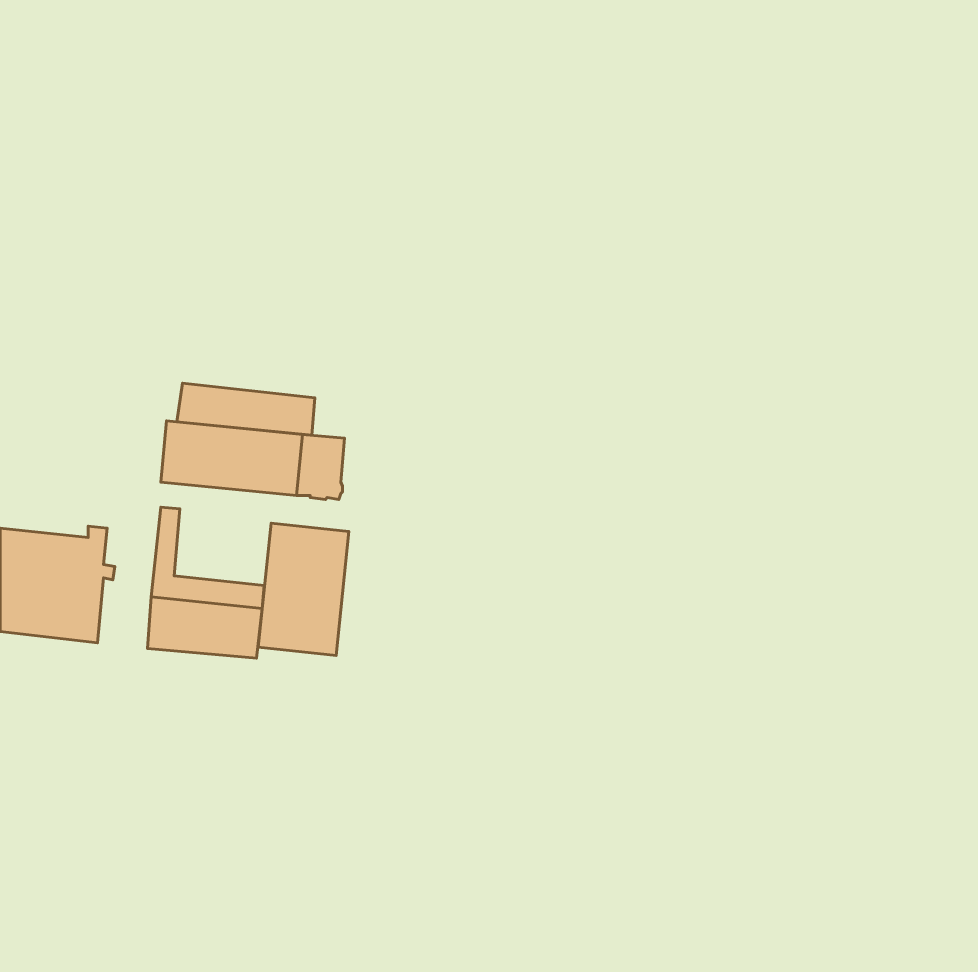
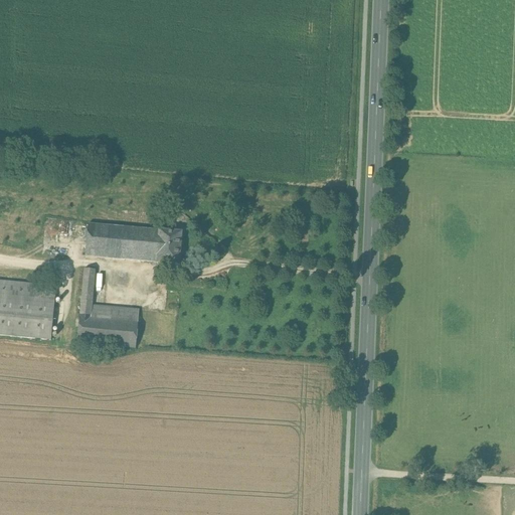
building: [177,383,315,435] -> none
building: [258,523,349,656] -> none

